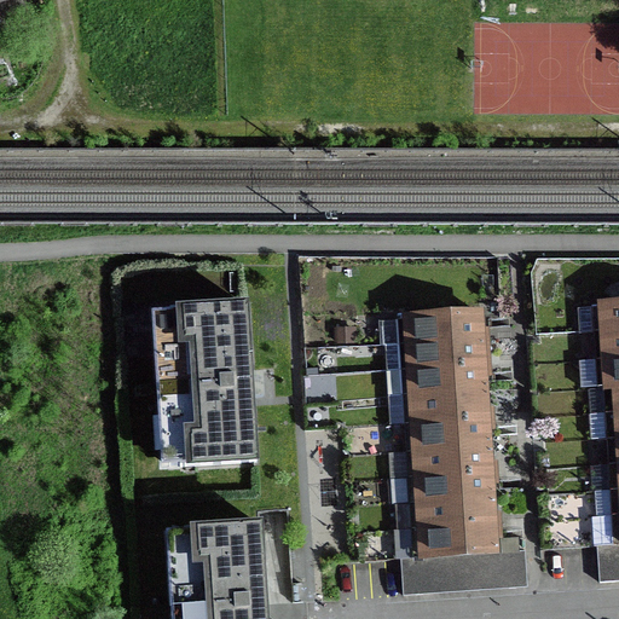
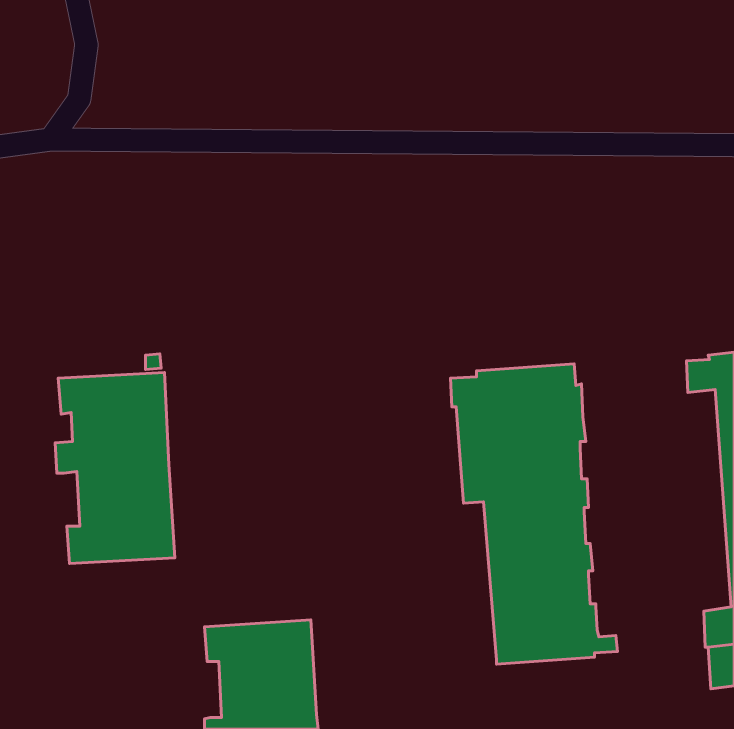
building: [156,302,256,463] -> [55,372,175,564]
building: [399,548,527,594] -> none

